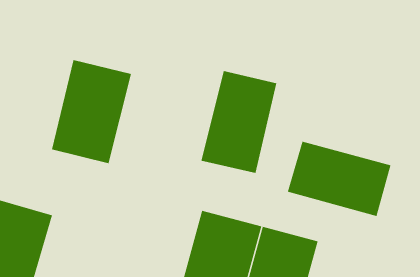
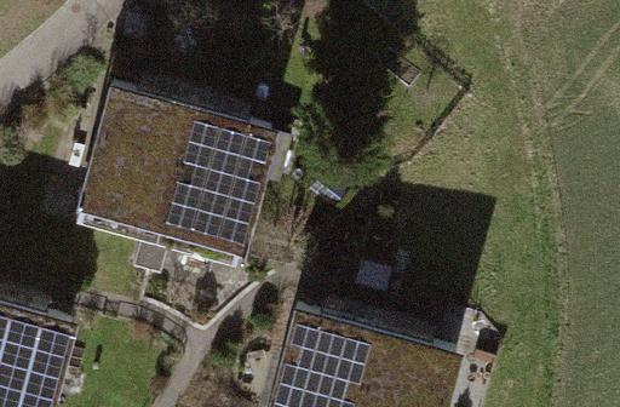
building: [201,71,277,173] -> [162,111,272,259]
building: [287,141,391,217] -> none

